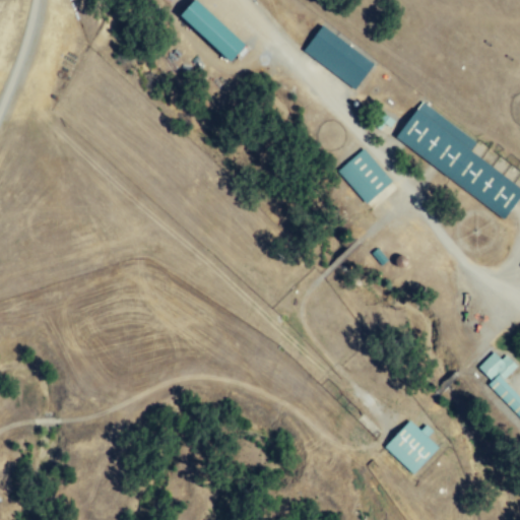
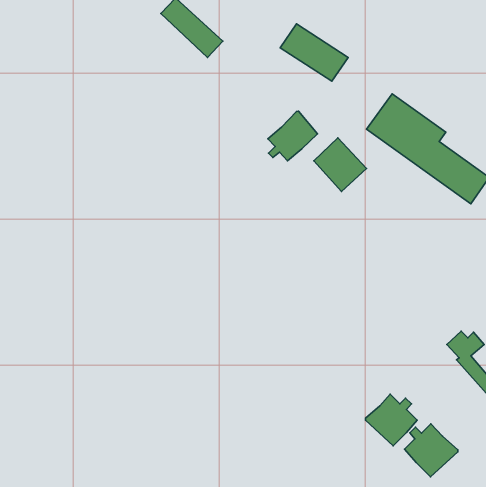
building: none -> [268,111,318,161]
building: none -> [405,424,458,477]

